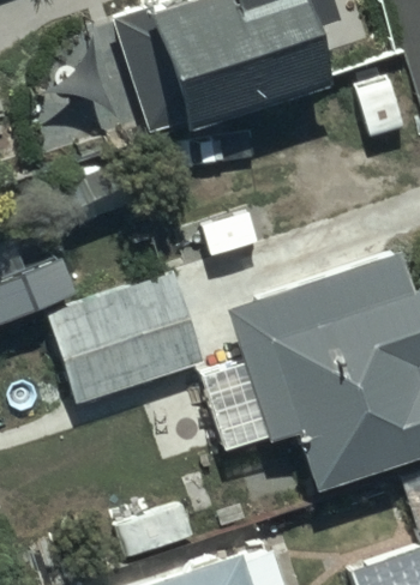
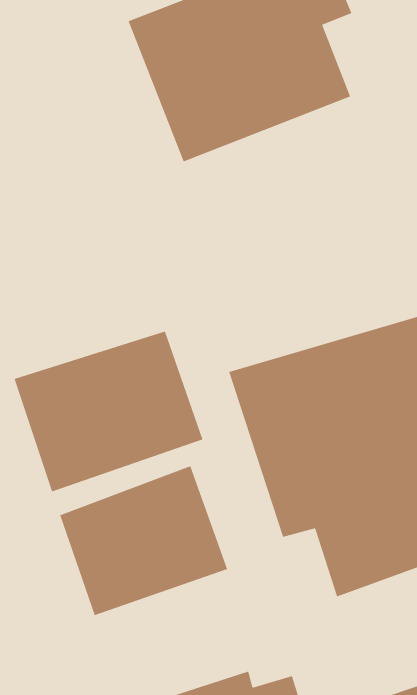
building: none -> [59,465,228,616]

